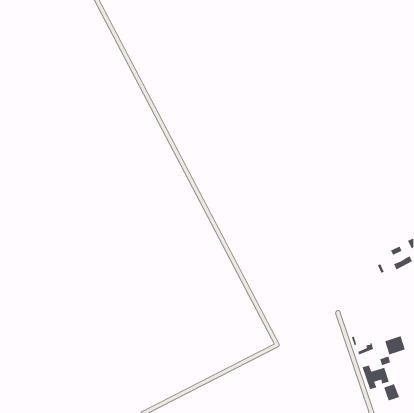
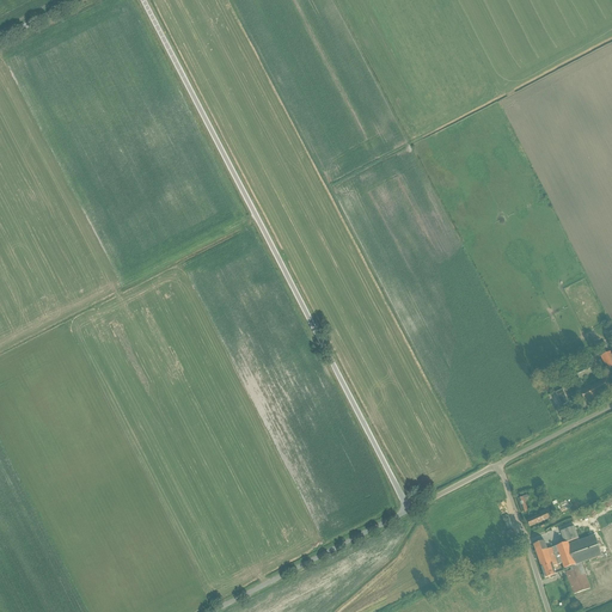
building: [384,335,406,356] -> [569,533,601,563]

